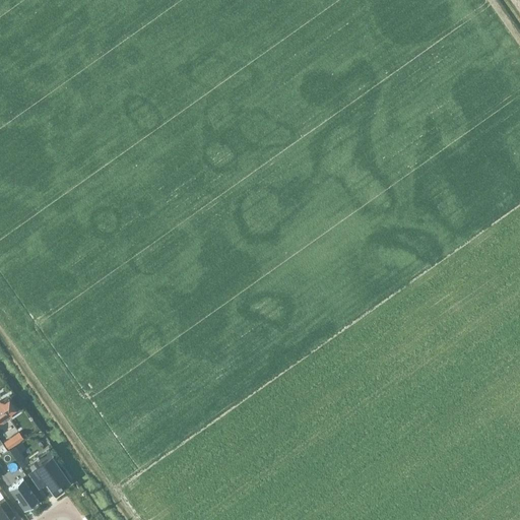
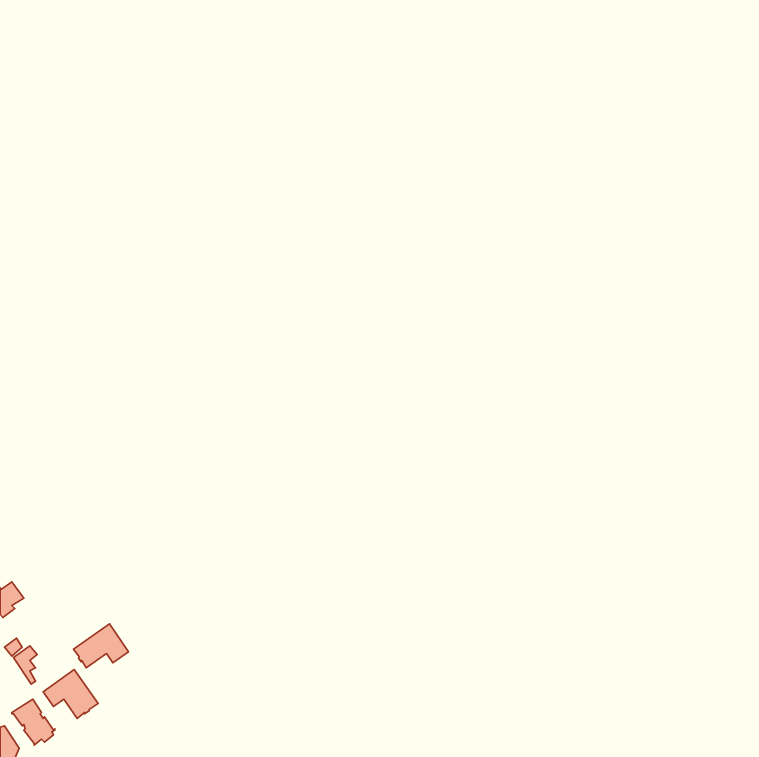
building: none -> [73,624,129,668]

